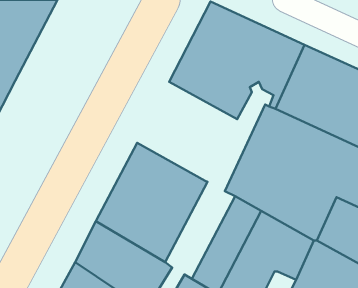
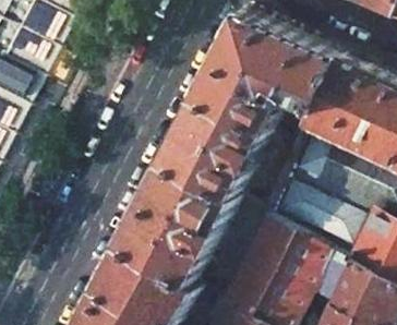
building: none -> [155,99,261,204]

